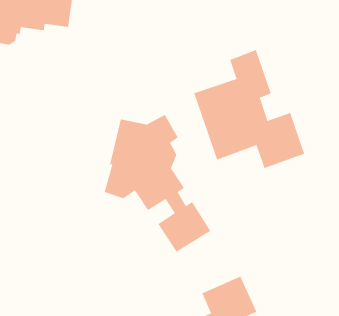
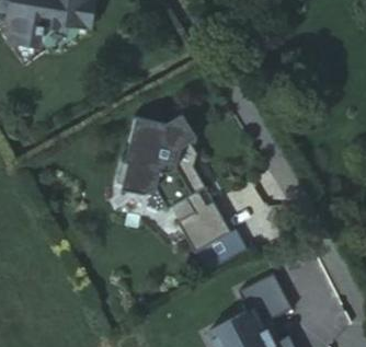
building: [194,49,305,169] -> none

